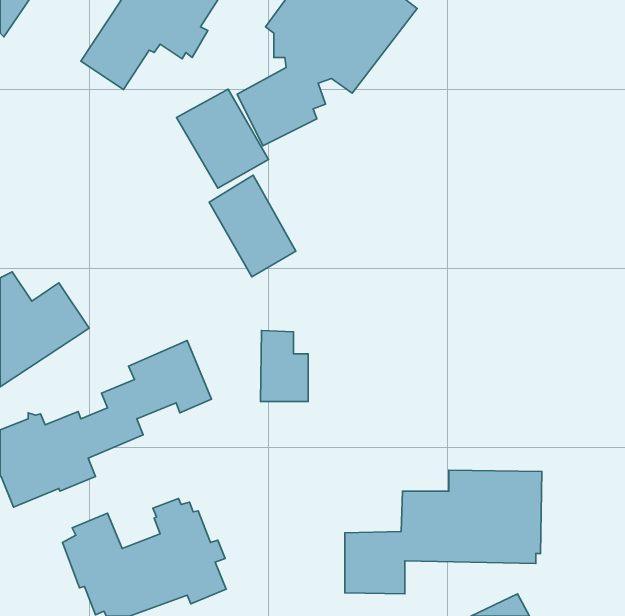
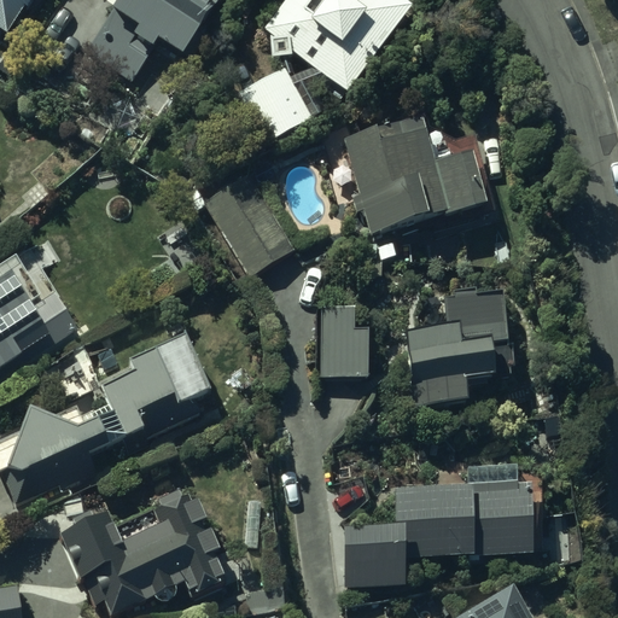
building: [176,89,268,188] -> none
building: none -> [342,115,492,231]
building: none -> [406,286,509,406]
building: [260,330,308,401] -> [321,304,368,374]

